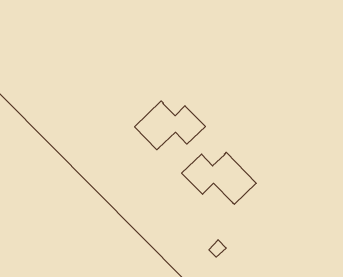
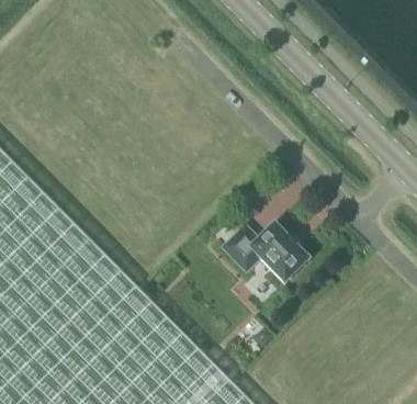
building: [135,101,205,150] -> none

